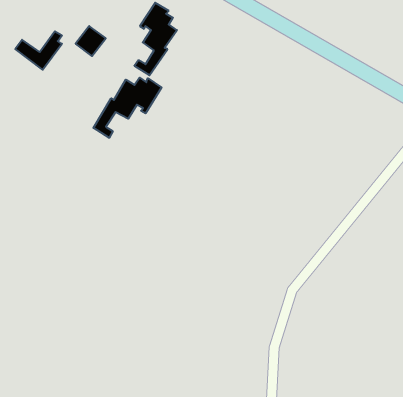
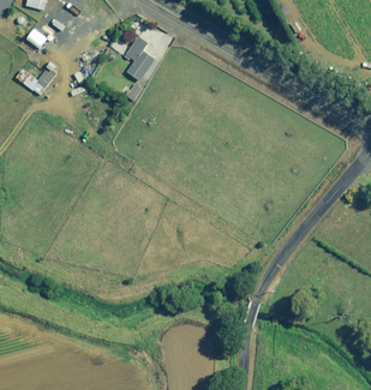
building: [93,78,162,138] -> none

